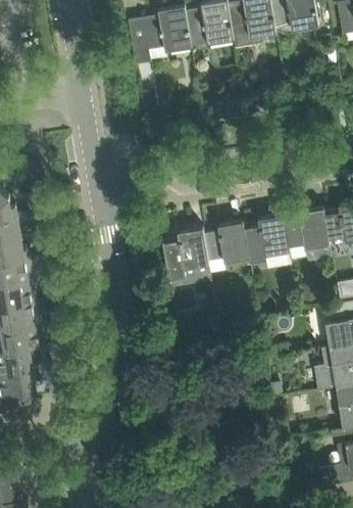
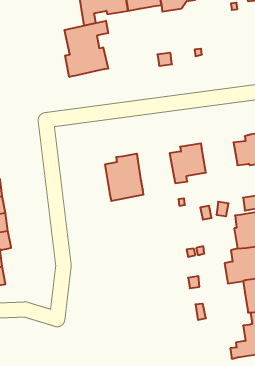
building: none -> [64,21,108,77]
building: [284,207,329,261] -> none
building: [203,221,250,266] -> none

